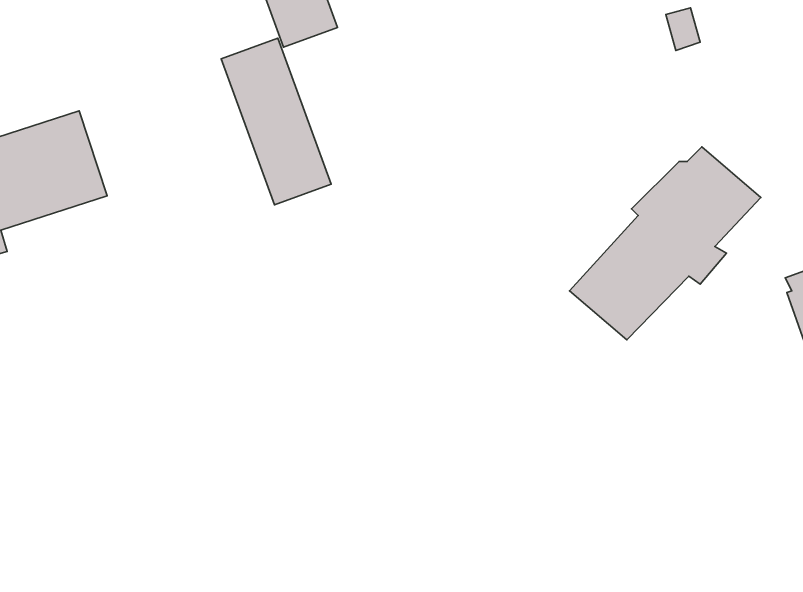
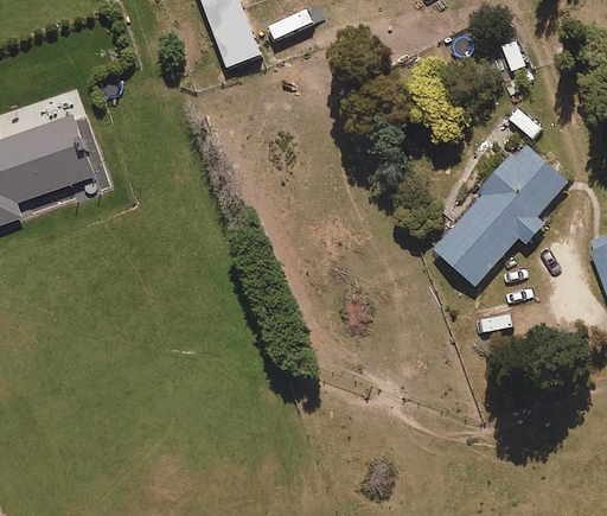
building: [221,38,331,205] -> none

